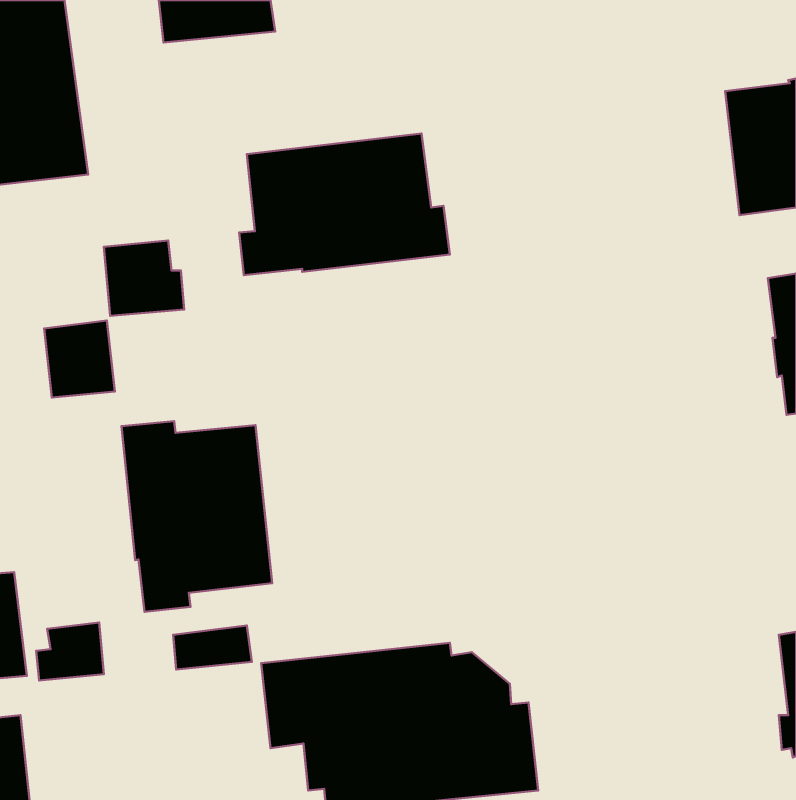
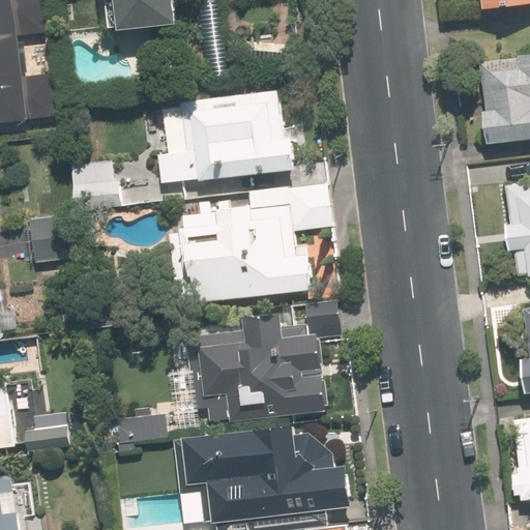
building: none -> [179,182,333,304]
building: [121,421,272,612] -> none
building: none -> [190,300,340,422]

